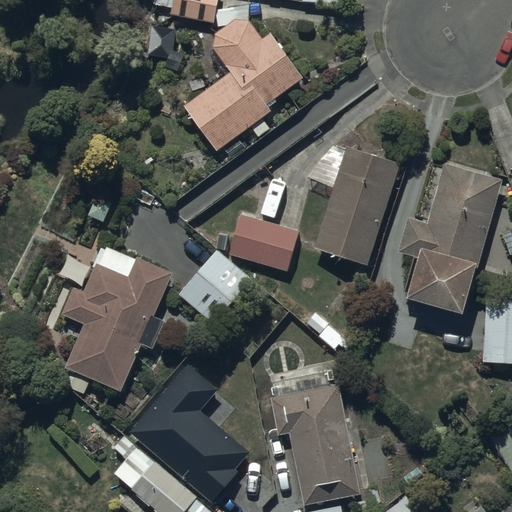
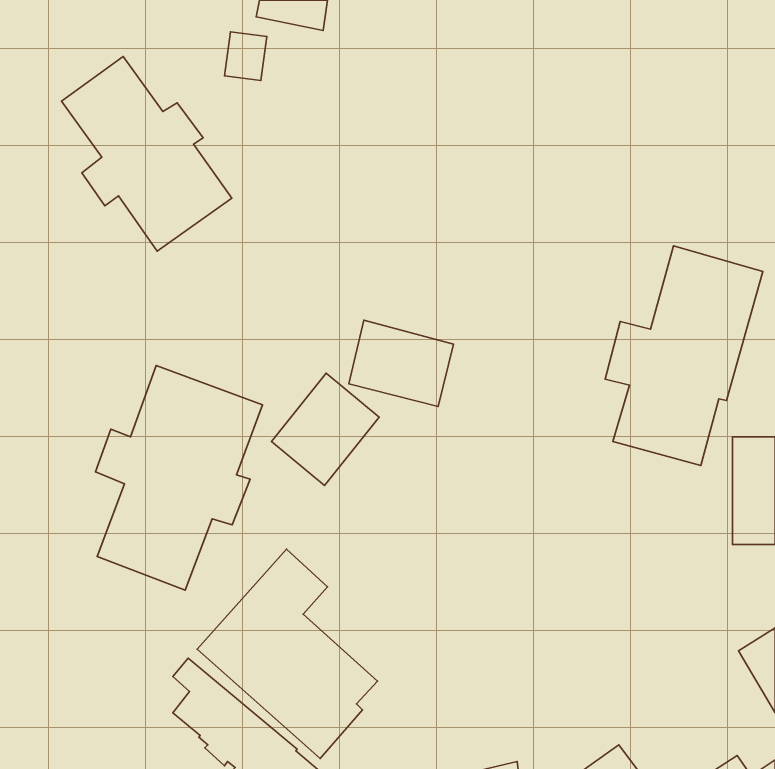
building: [184,19,305,151] -> none
building: none -> [62,57,232,251]
building: [314,145,399,263] -> none
building: [271,386,359,505] -> none

